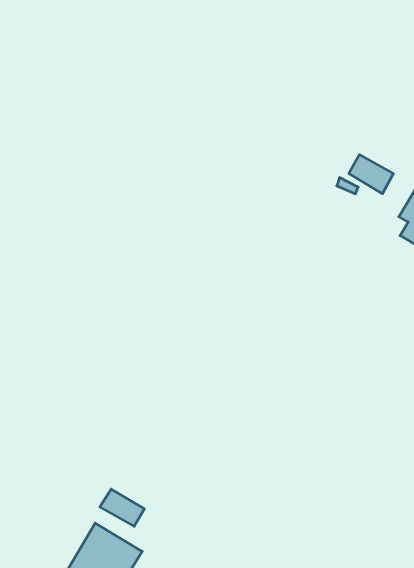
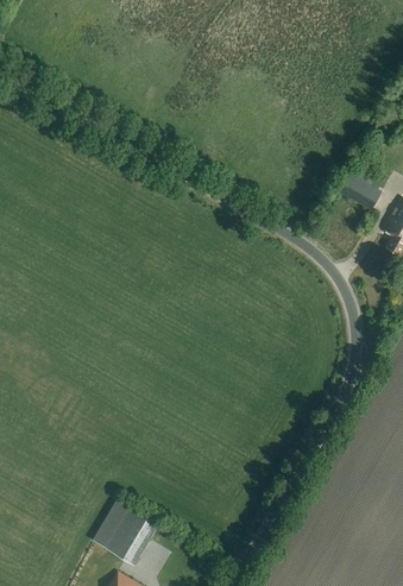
building: [100,489,144,526] -> none

